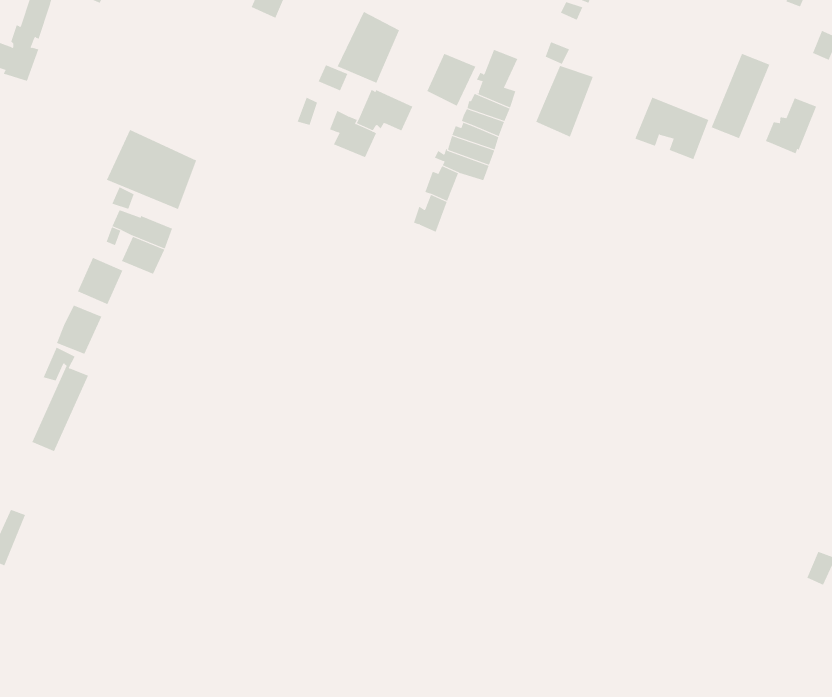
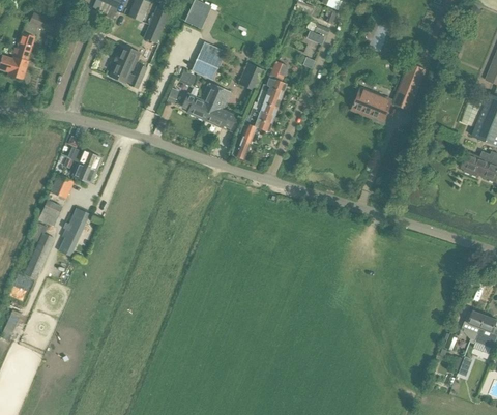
building: none -> [109,45,145,89]
building: [535,65,594,138] -> none
building: [765,98,817,154] -> none
building: none -> [205,101,236,129]
building: [106,129,197,210] -> none
building: none -> [59,209,89,256]

